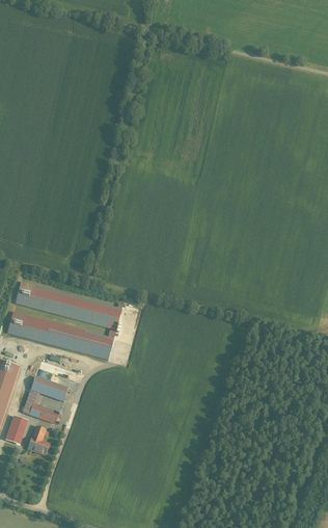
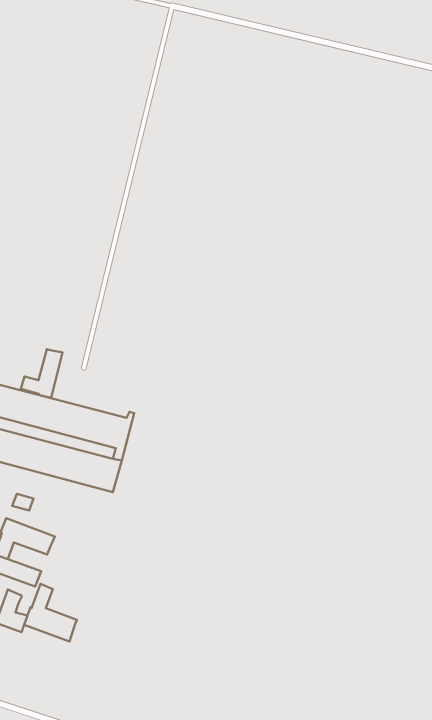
building: none -> [21,349,63,398]
building: none -> [24,584,77,641]

